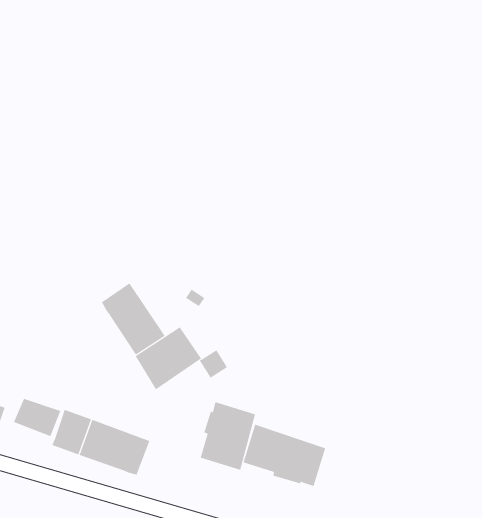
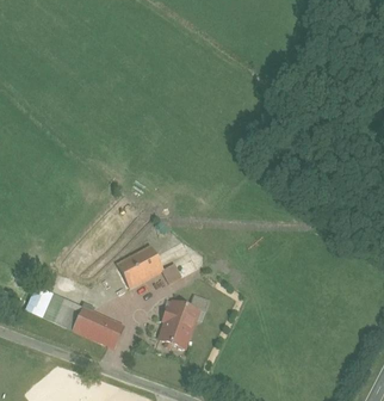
building: [101,283,166,356] -> none
building: [243,424,326,487] -> none

